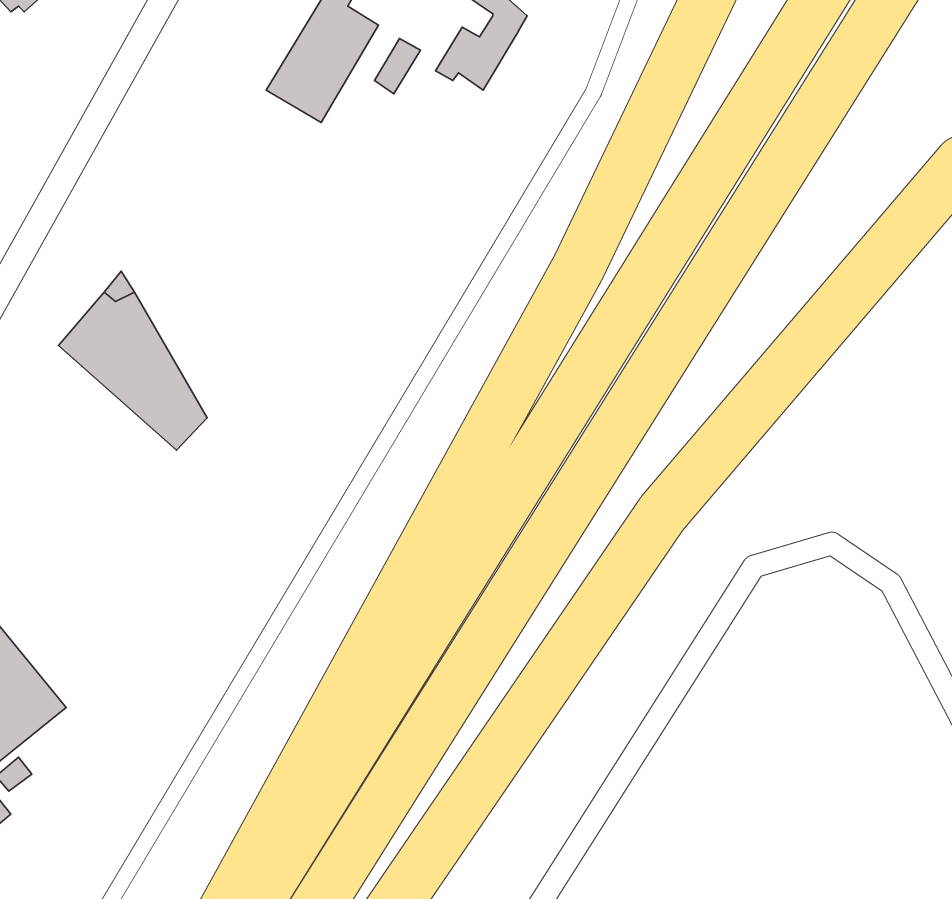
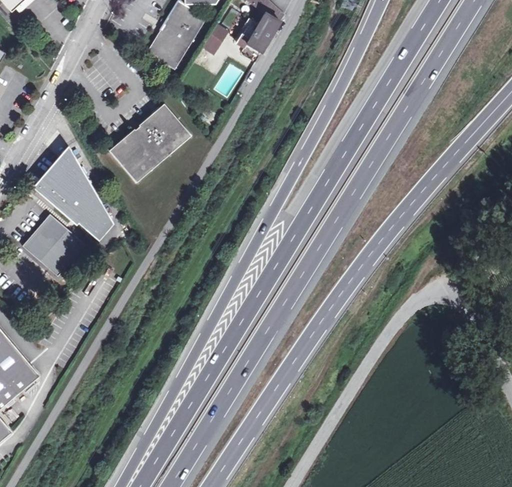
building: none -> [106,103,188,183]
building: none -> [22,214,85,276]

